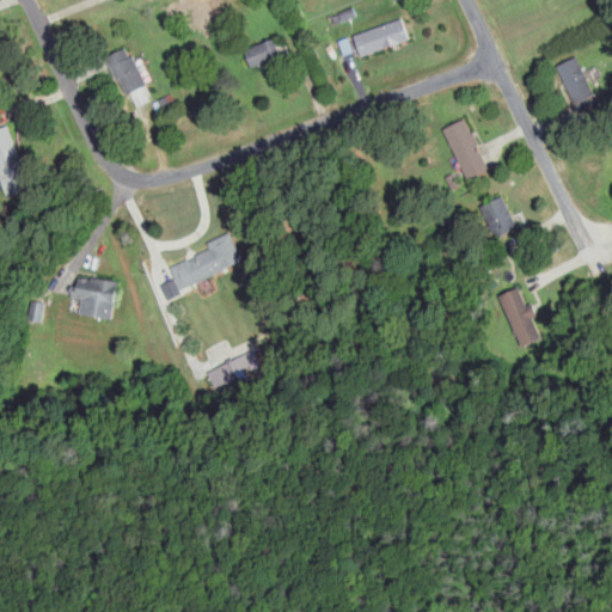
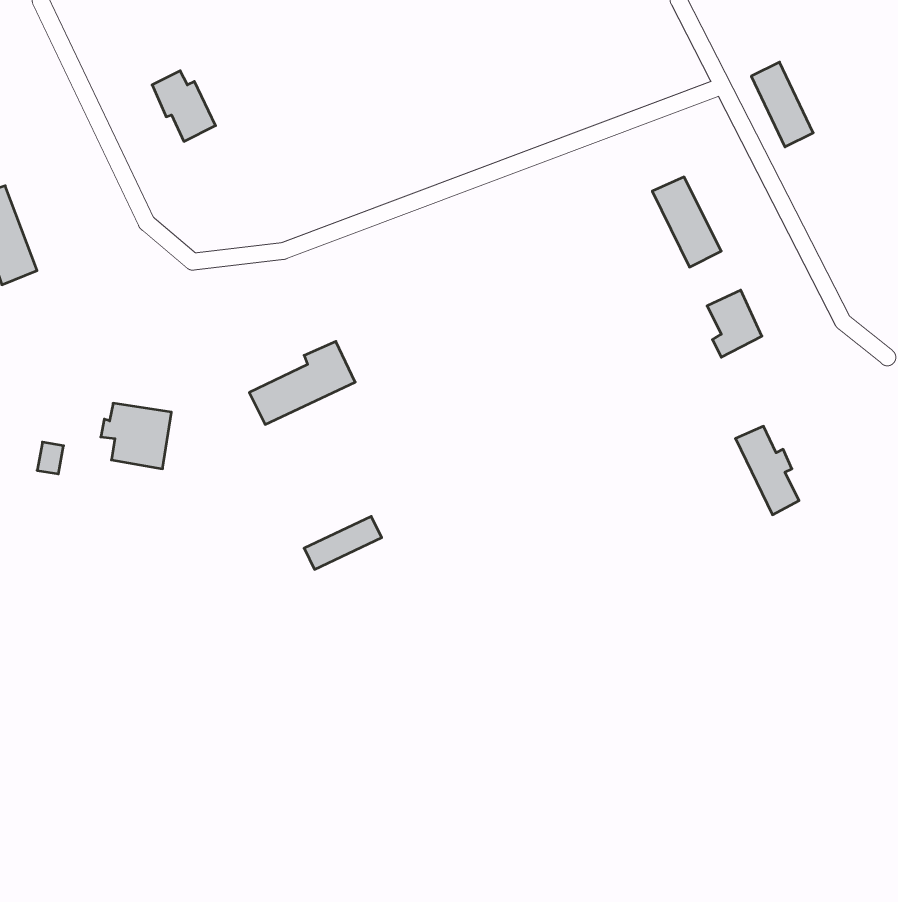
building: [351,20,406,56] -> none
building: [241,39,281,69] -> none
building: [556,57,598,115] -> [751,62,813,147]

